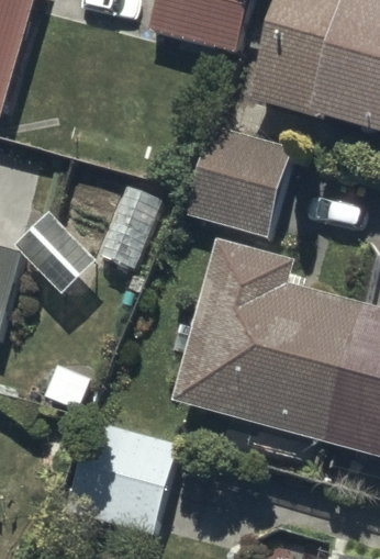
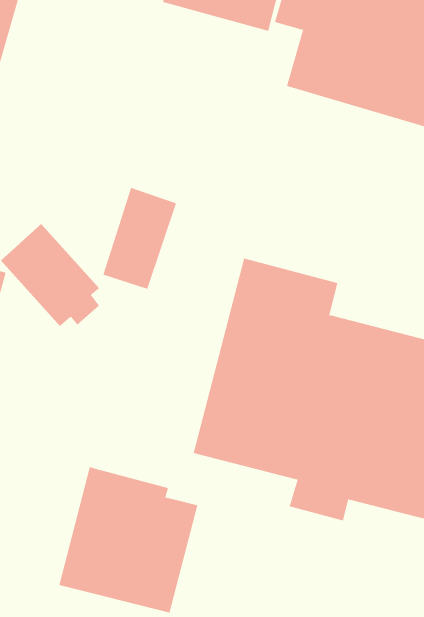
building: [189,124,291,236] -> none

